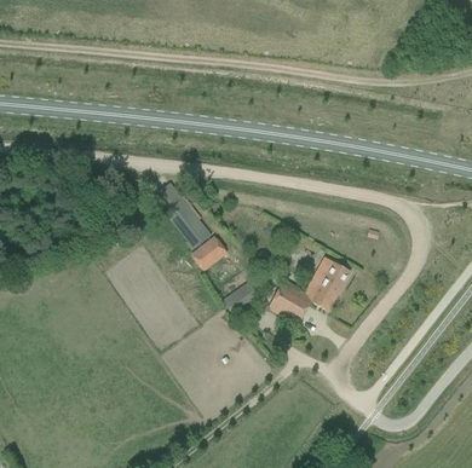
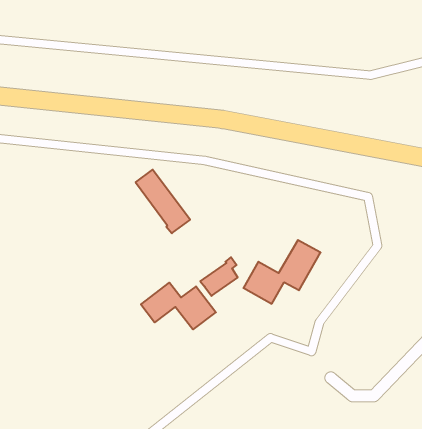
building: [191,237,226,268] -> none
building: none -> [141,283,216,329]

